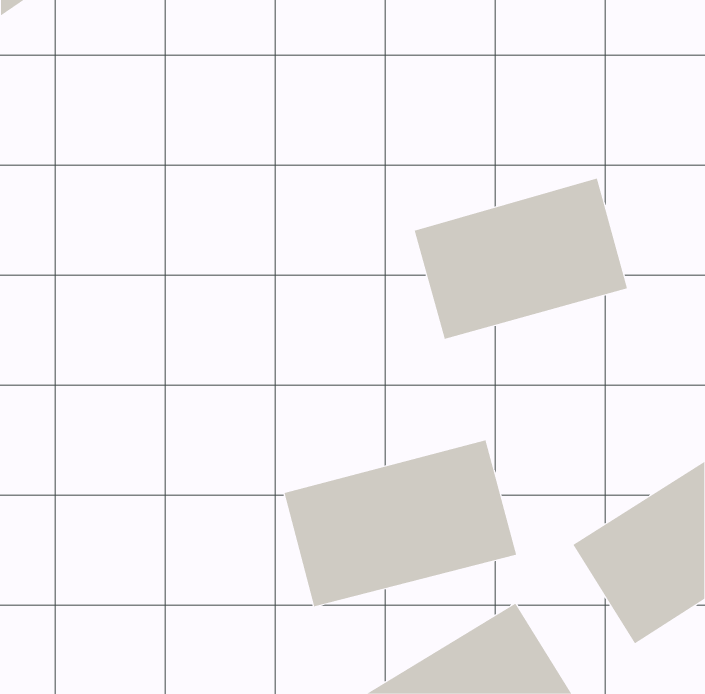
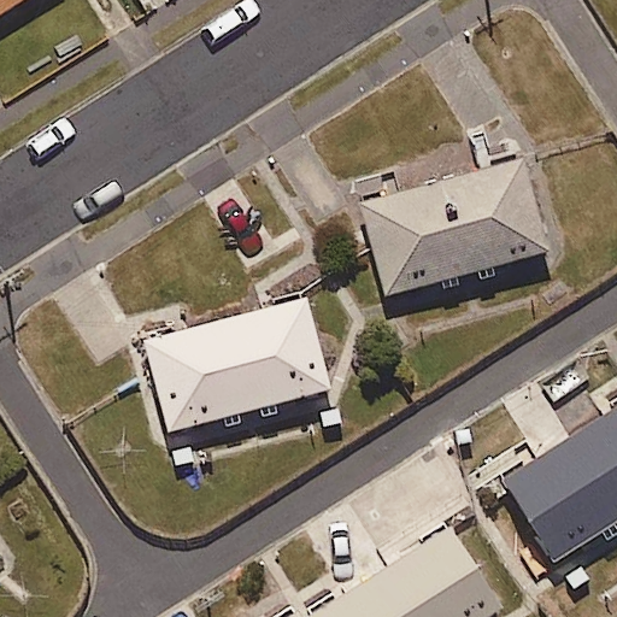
building: none -> [146,296,330,431]
building: [284,439,517,607] -> none

